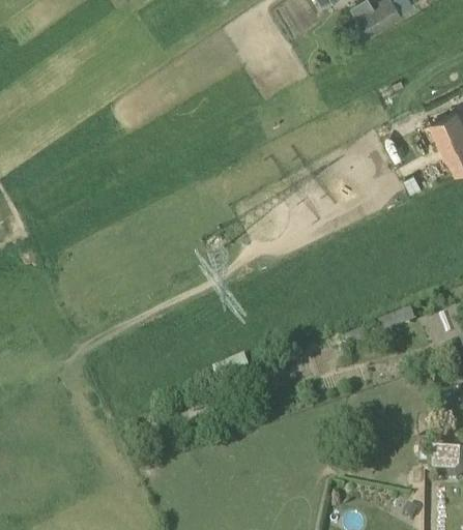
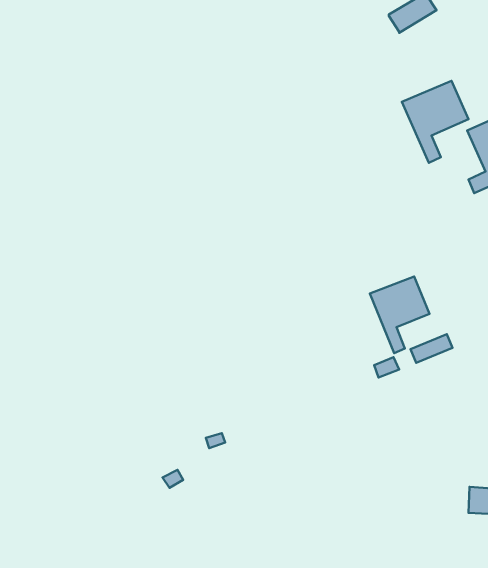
building: none -> [402,81,468,163]
building: none -> [370,276,429,353]

